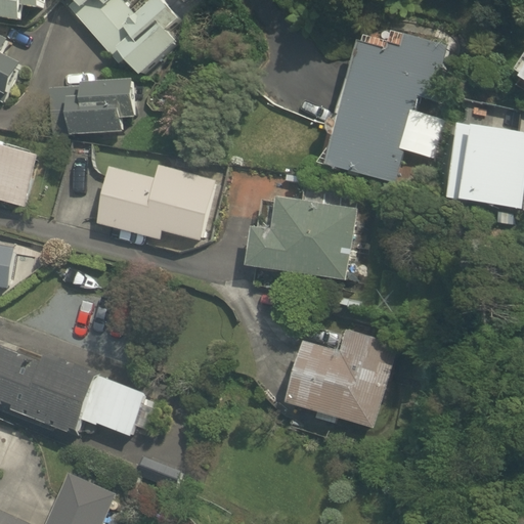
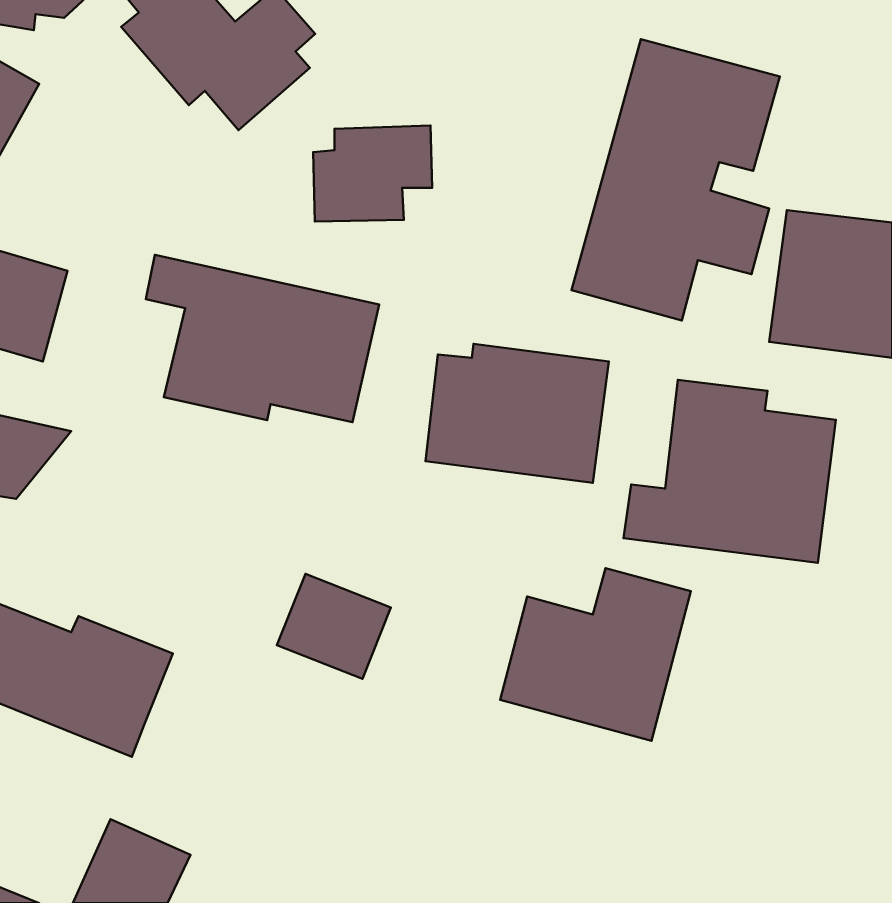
building: [66,79,134,134] -> [313,125,432,222]
building: none -> [624,380,836,563]
building: [83,376,148,436] -> [277,574,391,679]

